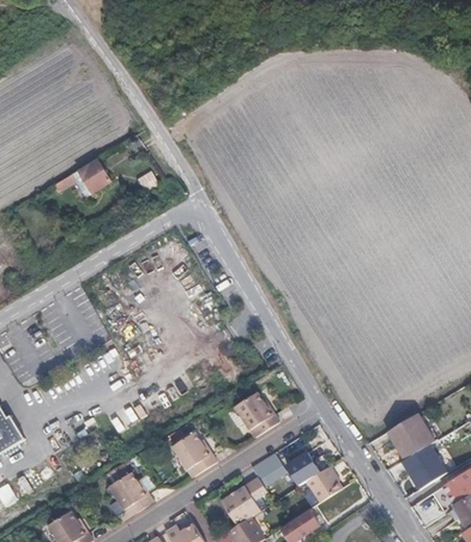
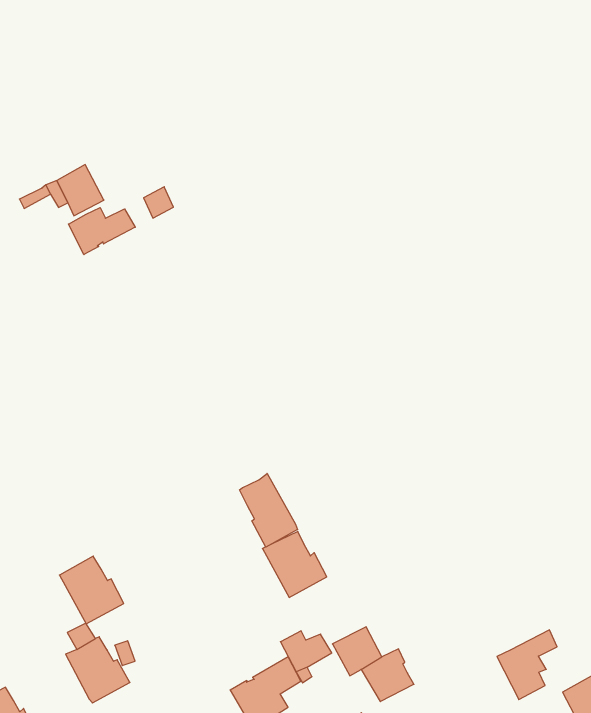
building: none -> [68,208,135,255]
building: none -> [240,473,298,547]
building: [386,412,435,460] -> none
building: [171,432,216,477] -> [59,556,124,624]

